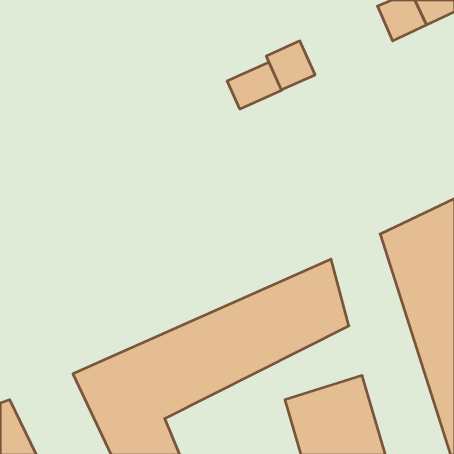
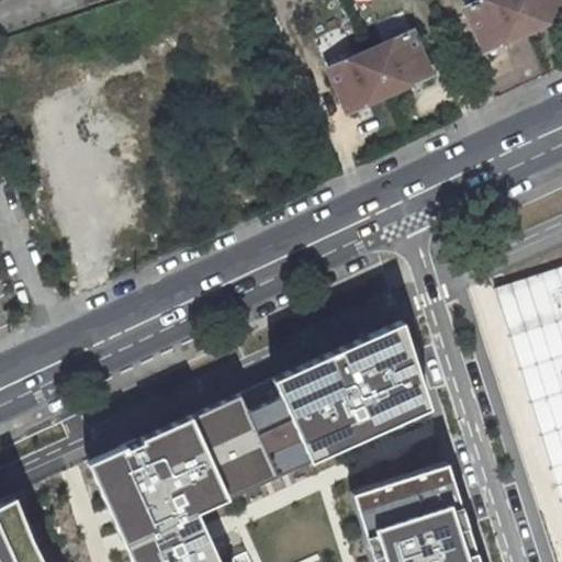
building: none -> [371,33,431,93]
building: [227,62,282,109] -> none

